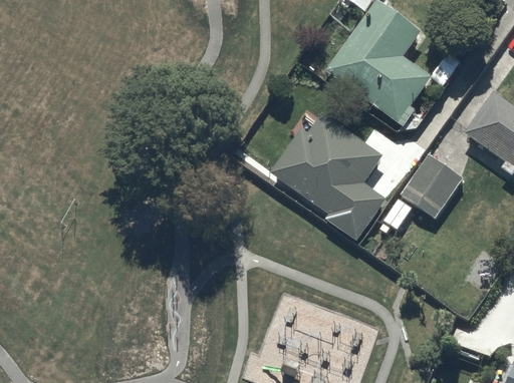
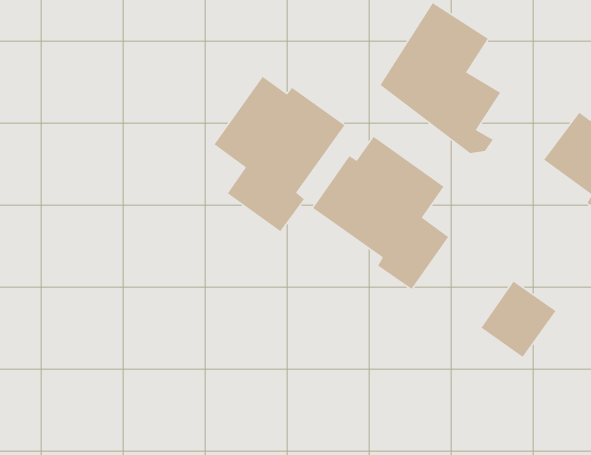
building: none -> [214,76,345,232]
building: [401,152,464,217] -> [481,281,556,358]

